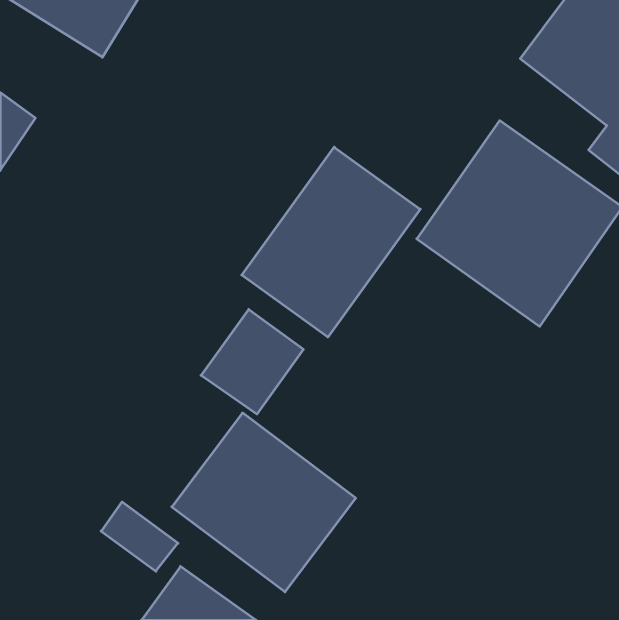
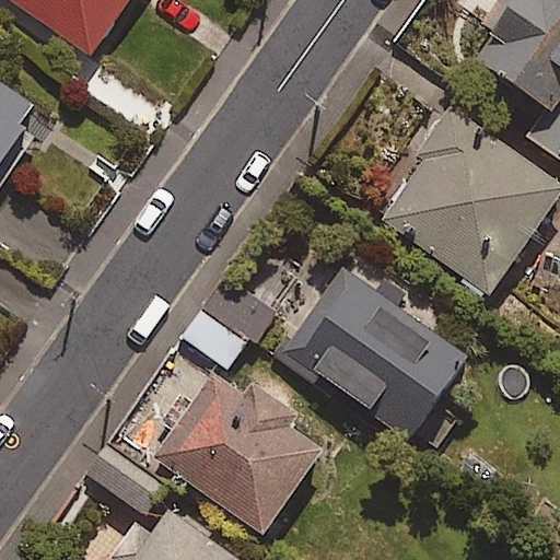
building: [242,147,420,337] -> none
building: none -> [281,268,465,439]

